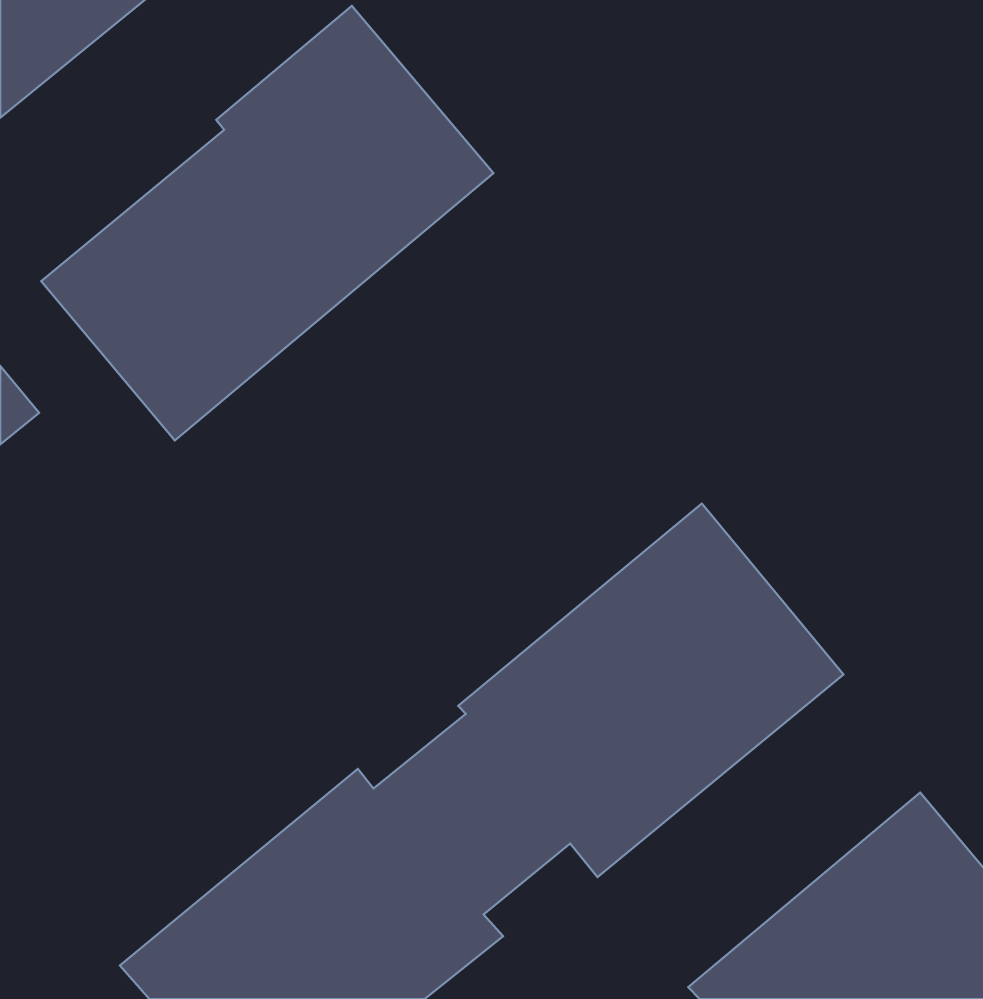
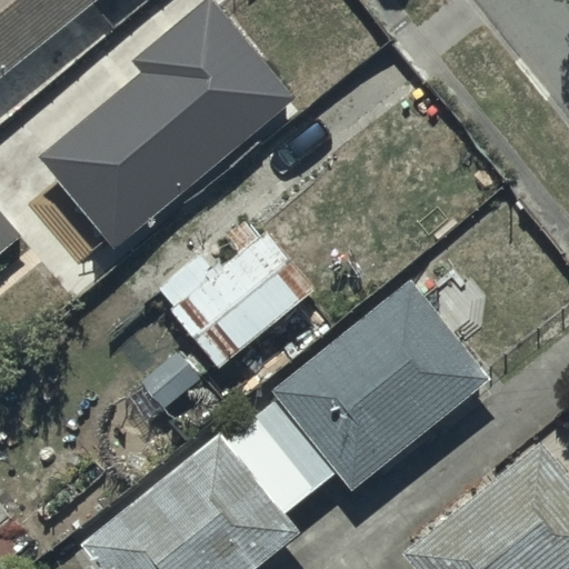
building: none -> [142,217,316,410]

